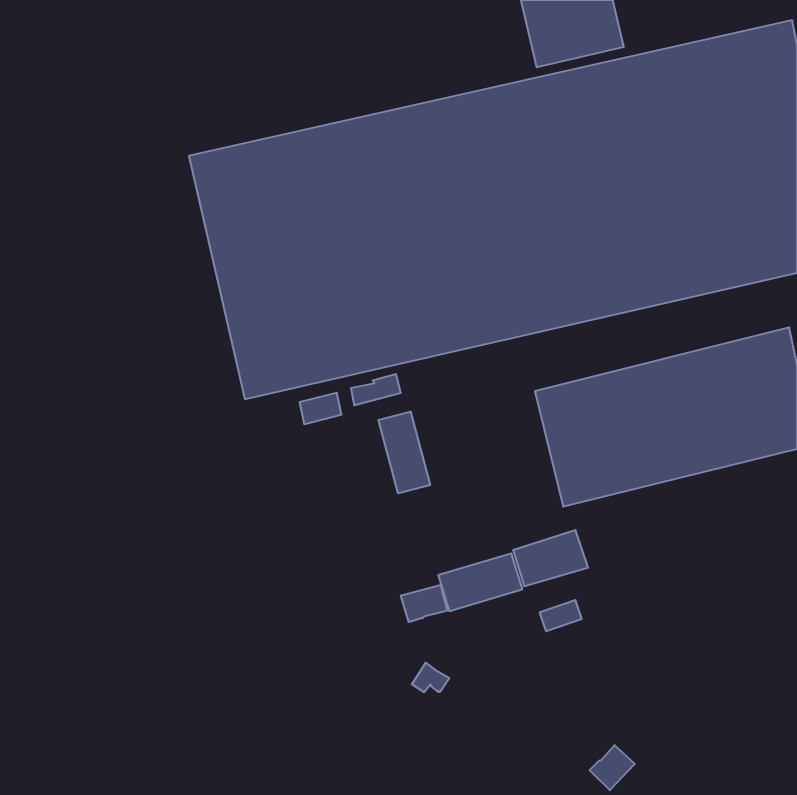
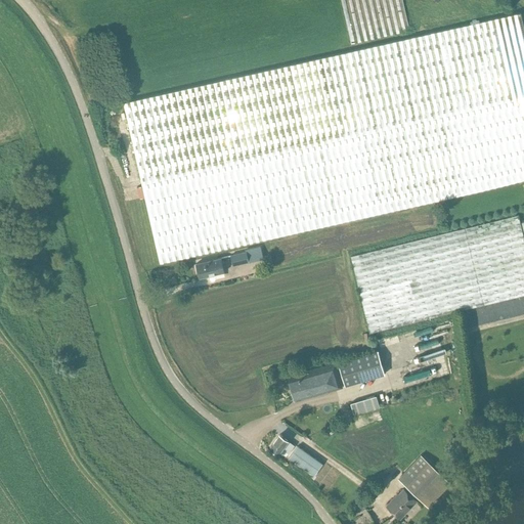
building: [379,411,430,493] -> none
building: [401,585,447,622] -> none
building: none -> [289,447,322,477]
building: none -> [400,454,454,508]

